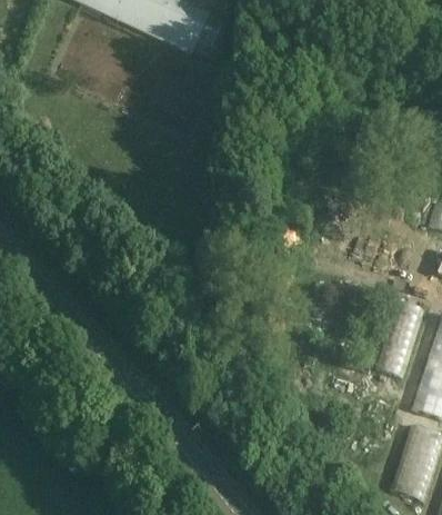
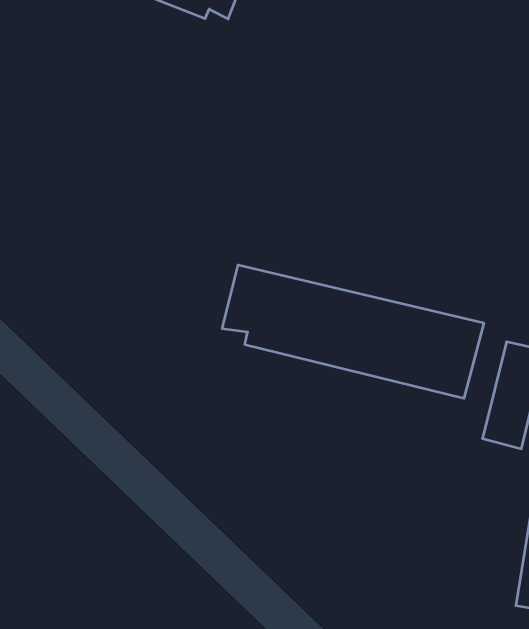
building: none -> [222,265,484,398]

